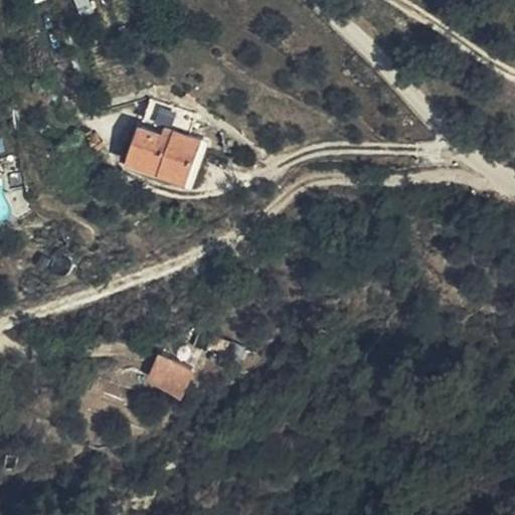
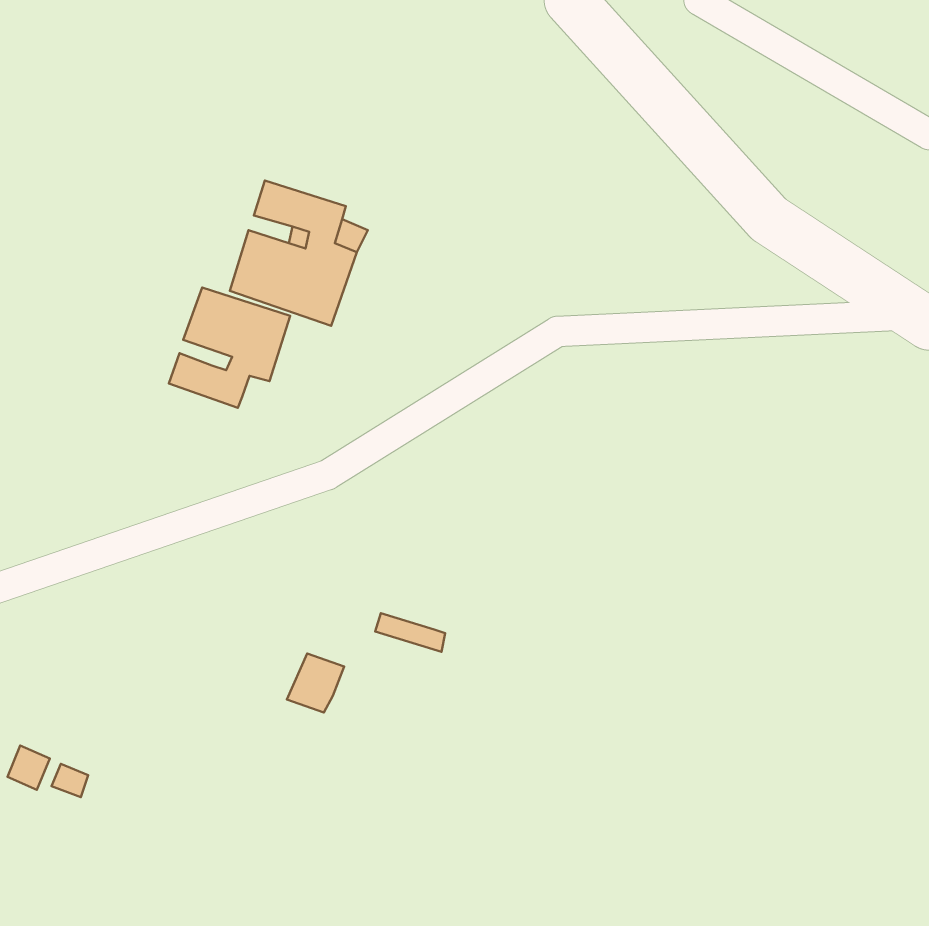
building: none -> [169,287,290,408]

